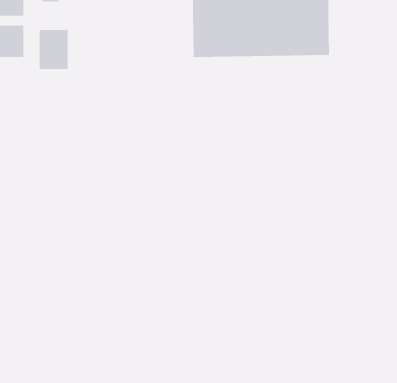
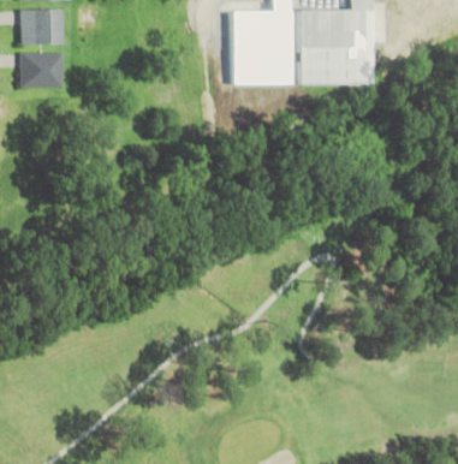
building: [39,29,69,70] -> none

